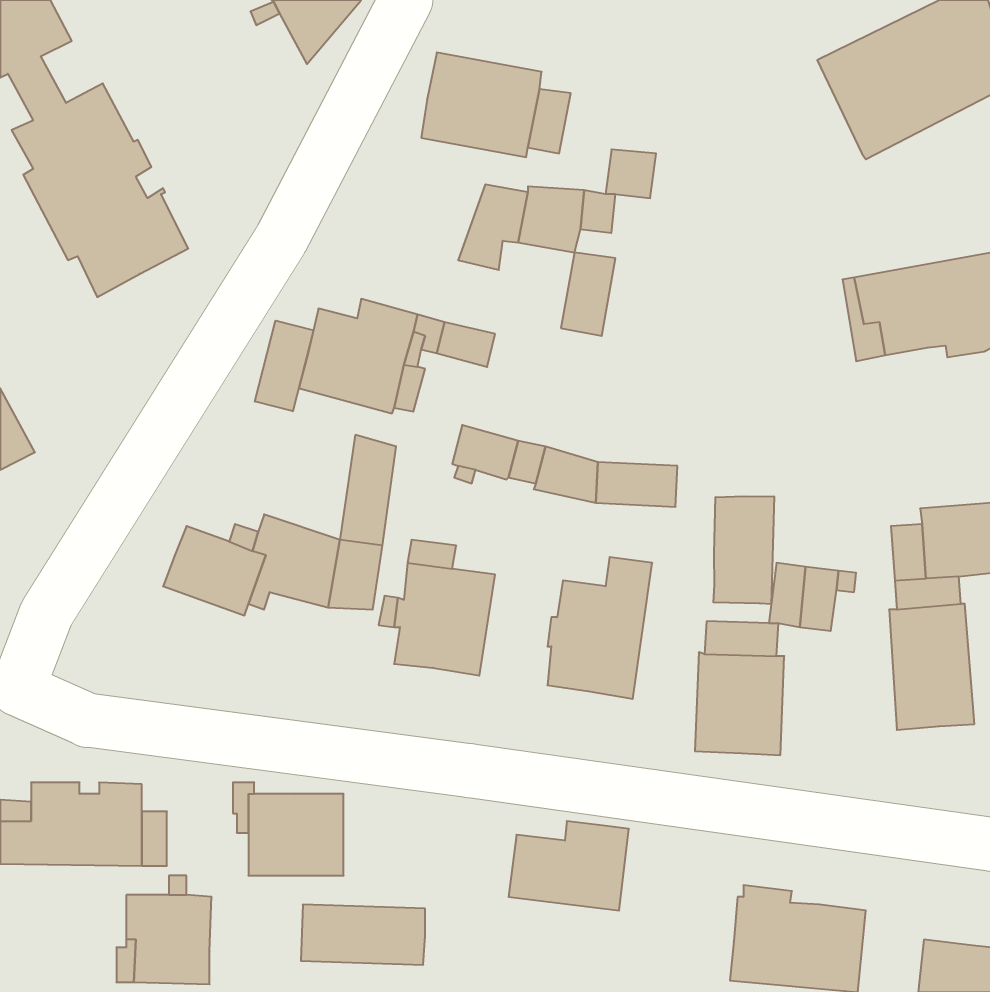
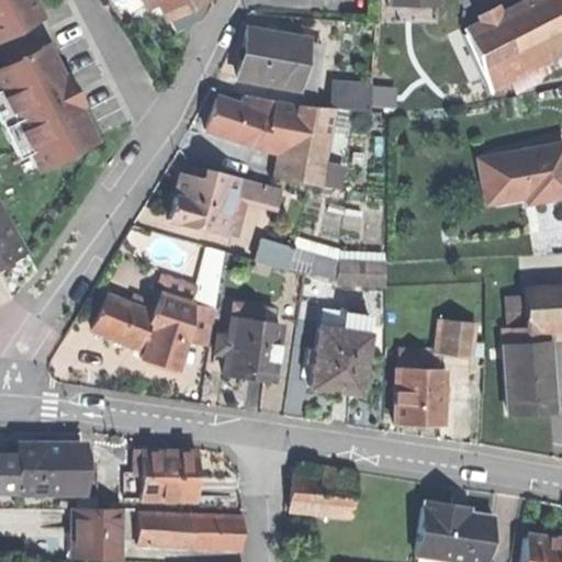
building: none -> [209,98,276,147]
building: none -> [279,136,326,186]
building: [255,321,313,411] -> none
building: [713,496,774,604] -> none
building: none -> [139,335,187,371]
building: none -> [137,509,172,543]

